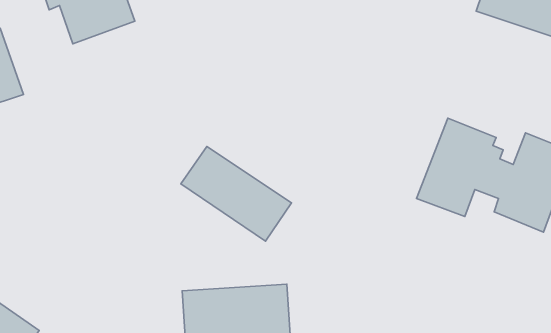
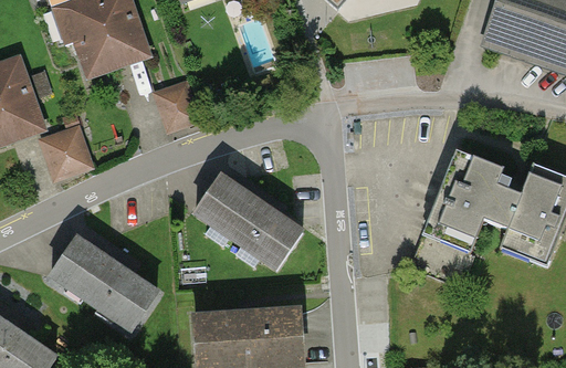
building: none -> [158,83,197,126]
building: none -> [43,128,90,175]
building: none -> [52,236,157,328]

